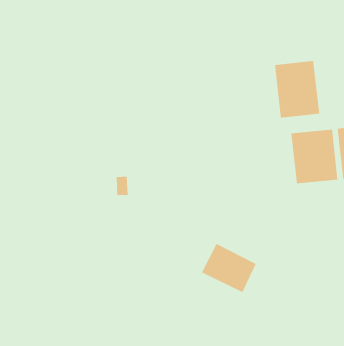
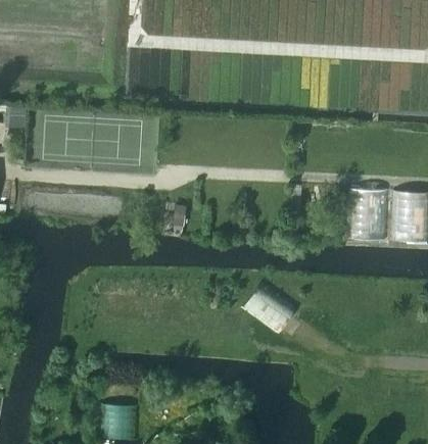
building: [274,60,320,118] -> none

